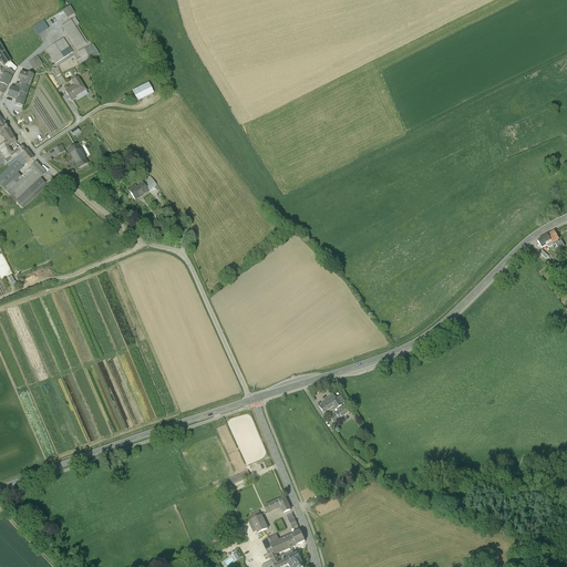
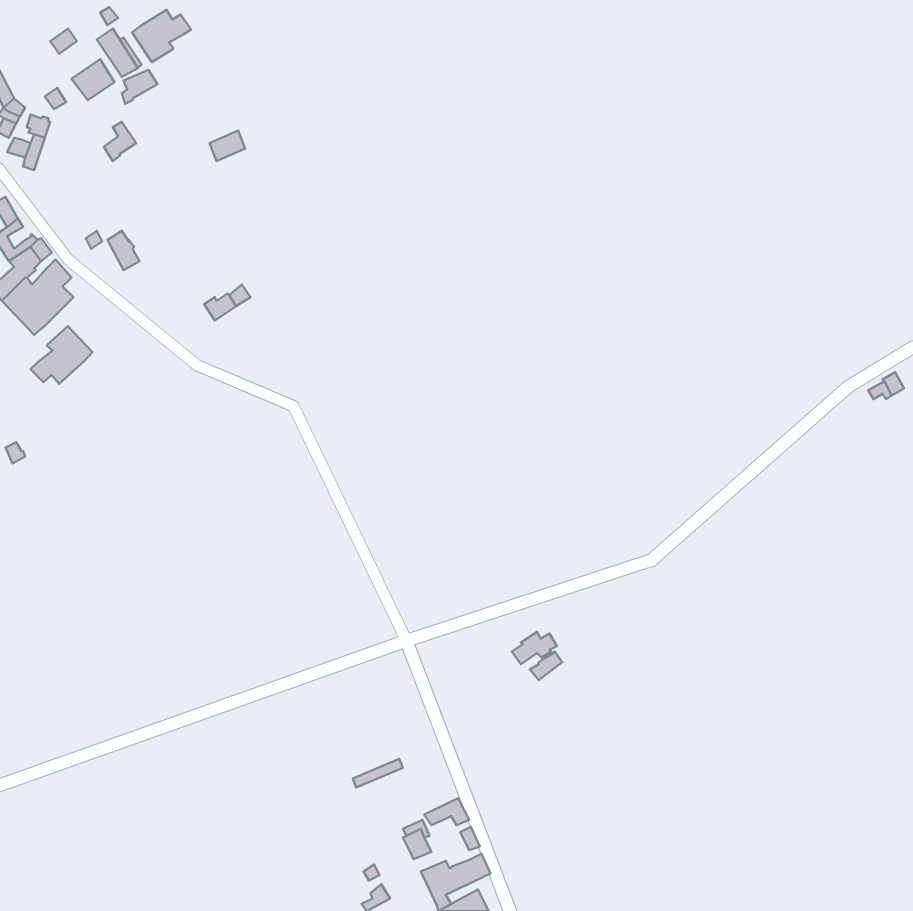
building: none -> [132,10,191,62]
building: none -> [30,326,93,384]

